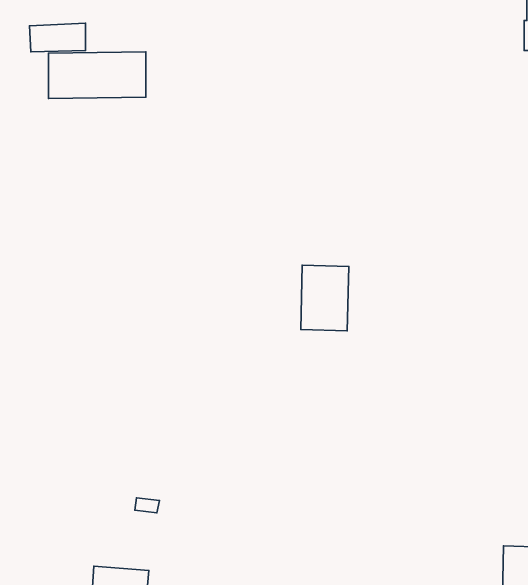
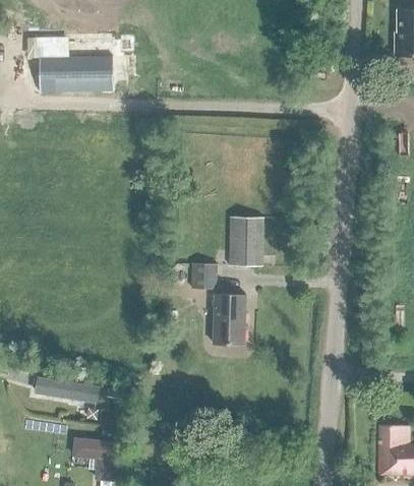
building: none -> [191,262,217,288]
building: none -> [214,296,246,344]
building: none -> [31,377,96,398]

